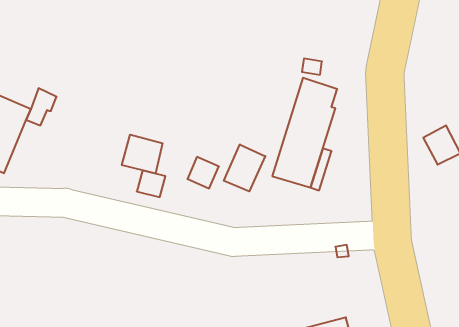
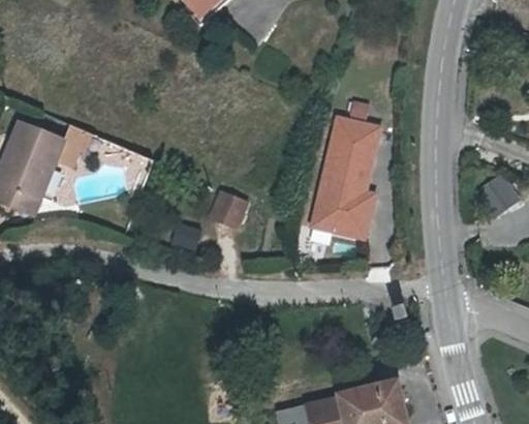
building: [122,135,163,174] -> none
building: [224,144,265,191] -> none

